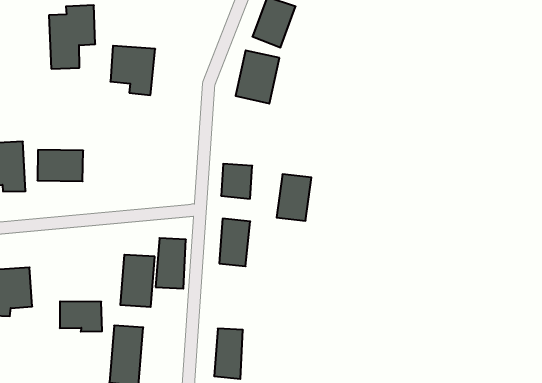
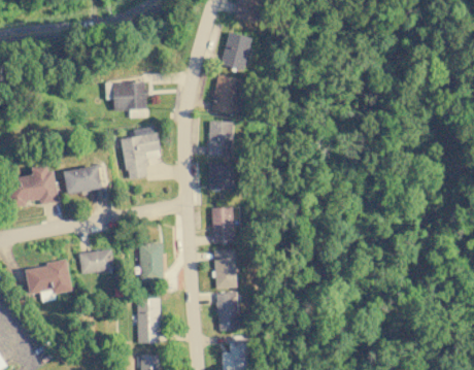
building: [49,5,95,69] -> [122,126,160,178]
building: [277,174,311,221] -> [209,121,233,155]
building: [156,238,186,289] -> [214,248,237,288]
building: [60,301,102,332] -> [79,248,114,273]

